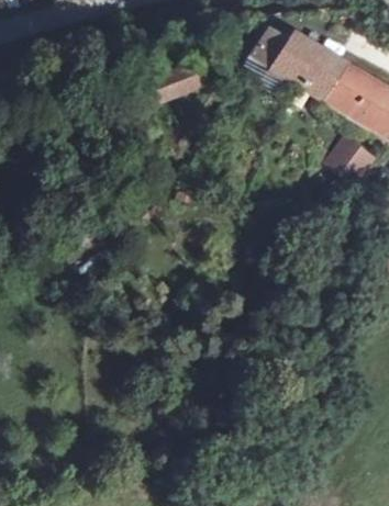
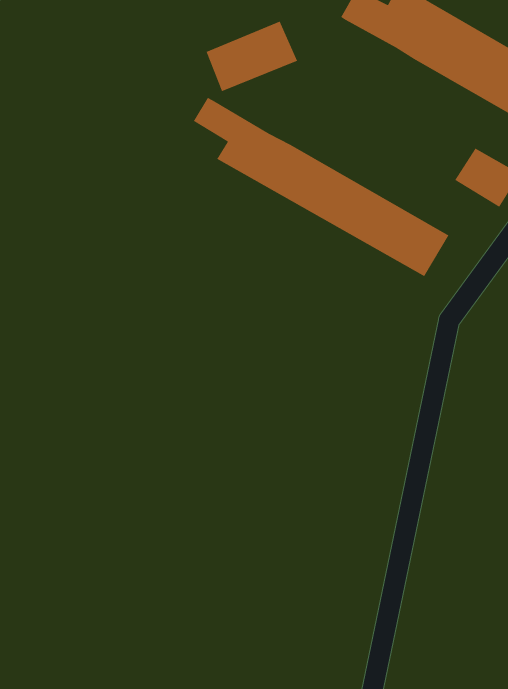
building: none -> [193,97,450,277]

